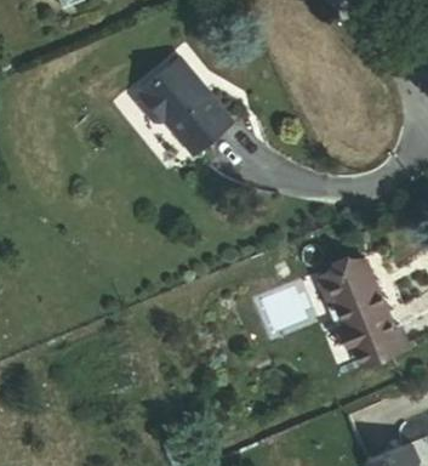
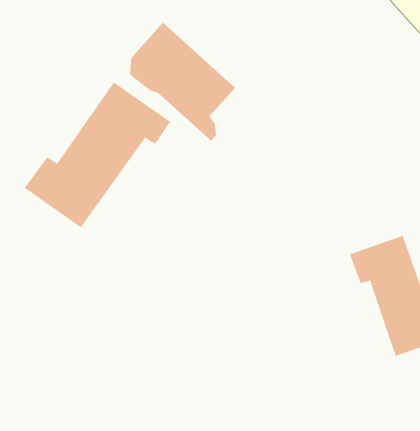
building: none -> [24,81,171,228]

